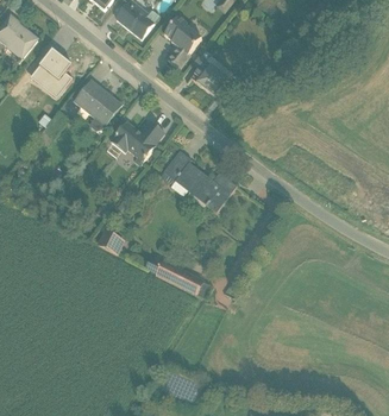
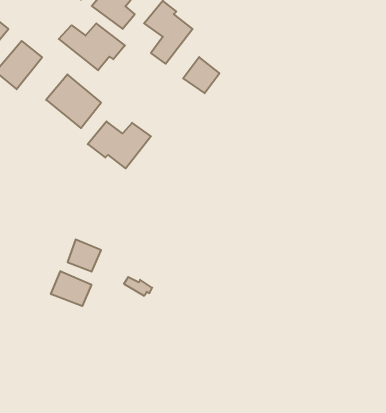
building: none -> [59,23,125,70]
building: [163,150,236,210] -> none
building: none -> [51,271,91,306]

